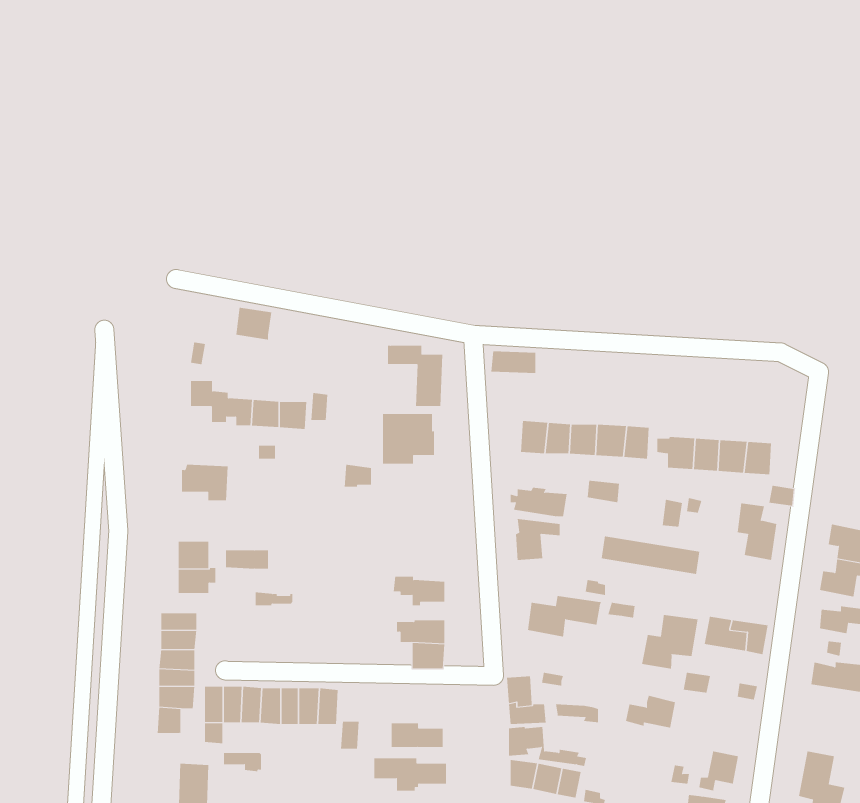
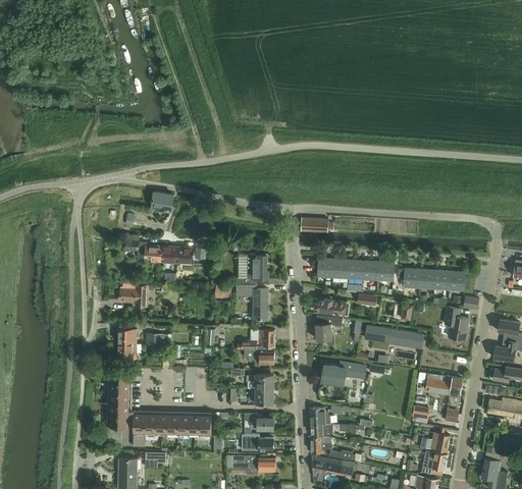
building: [387,345,443,406] -> [236,284,268,320]
building: none -> [237,329,274,349]
building: [641,614,698,670] -> none
building: none -> [245,414,273,434]
building: [625,695,676,728] -> [420,432,450,451]

